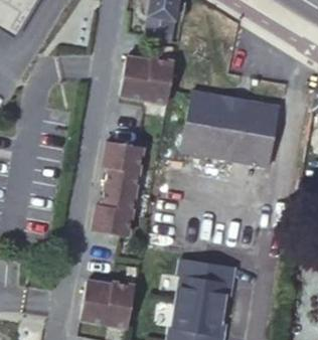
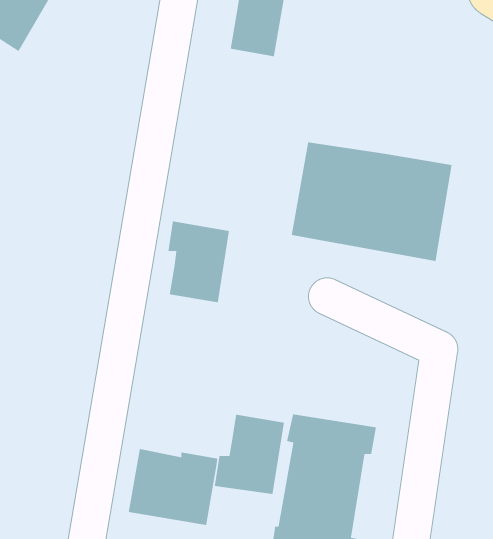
building: [120,56,174,103] -> none
building: [94,186,137,235] -> [214,414,285,495]

